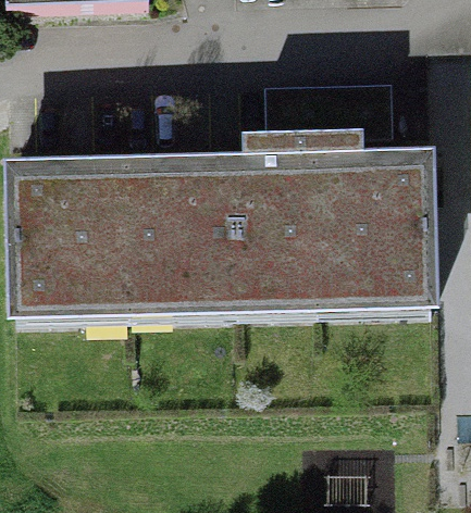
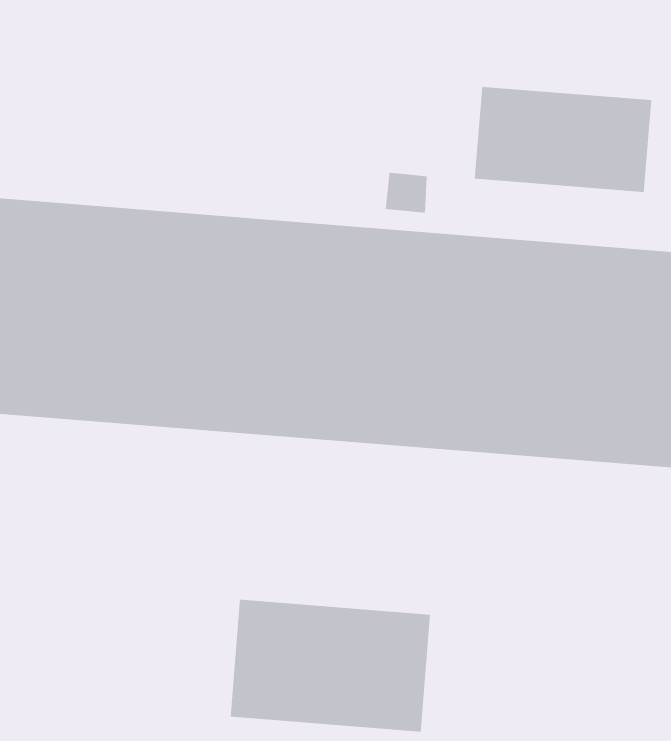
building: none -> [230,599,430,732]

